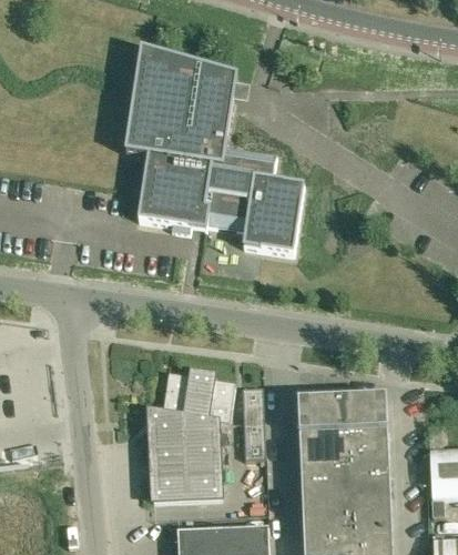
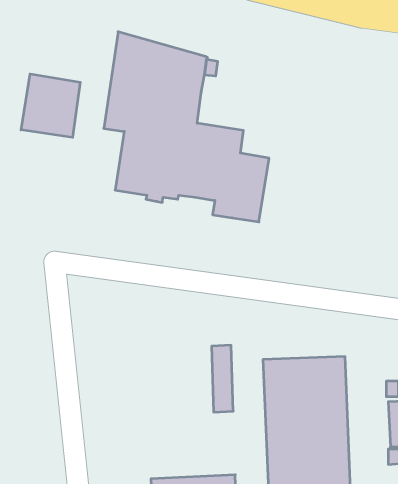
building: none -> [21,74,80,137]
building: [149,372,234,502] -> none

